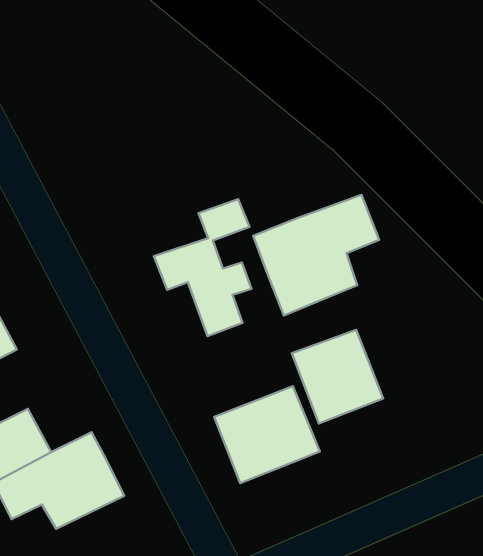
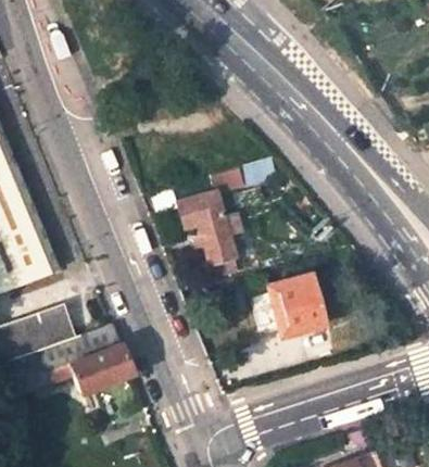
building: [253,195,379,315] -> none
building: [214,386,320,483] -> none

